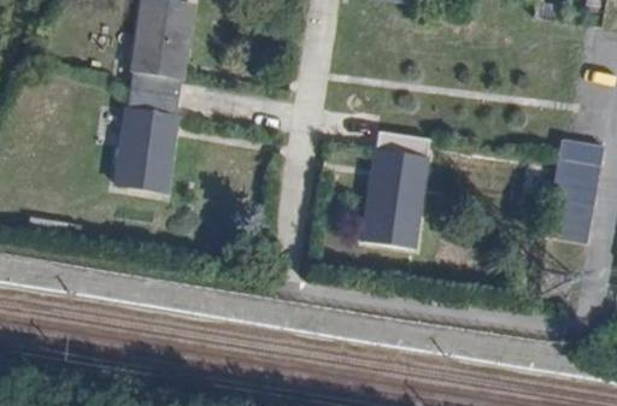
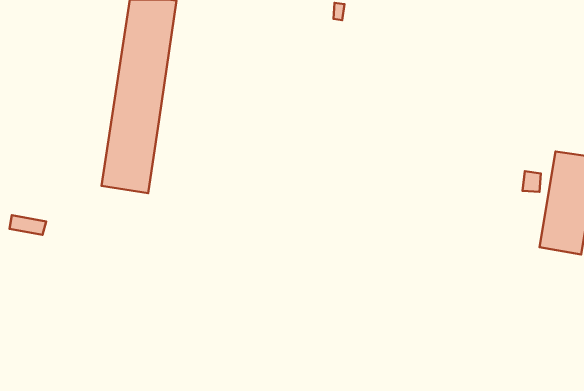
building: [363,128,429,242] -> none

